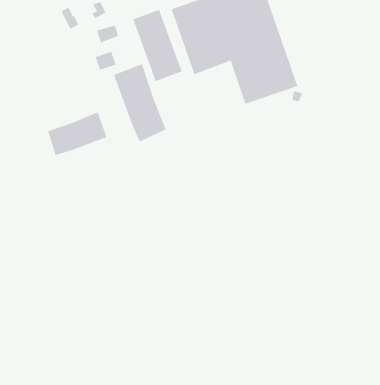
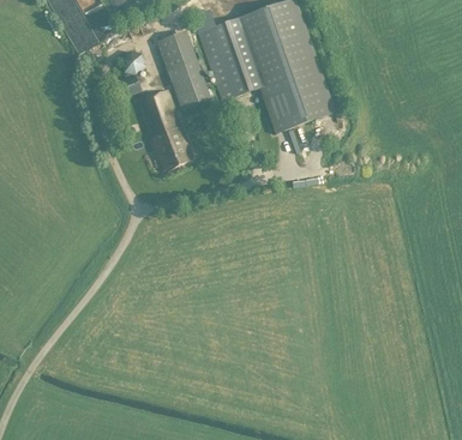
building: [48,112,107,156] -> none

